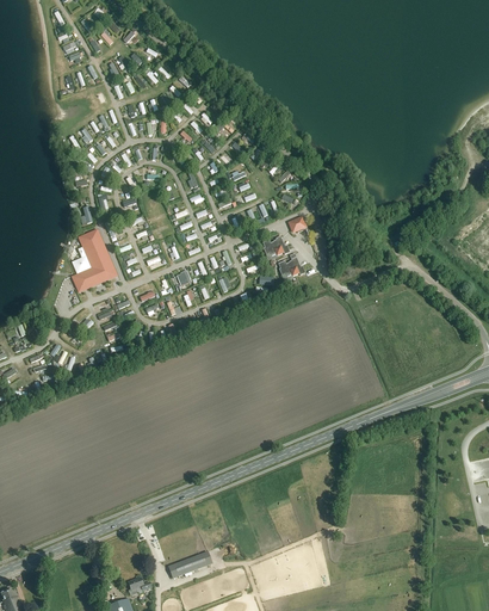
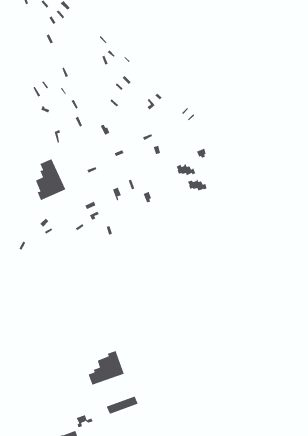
building: none -> [88,350,125,386]

